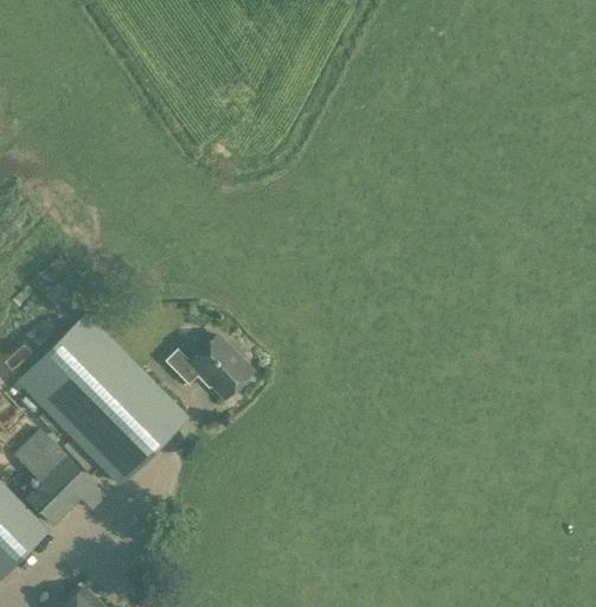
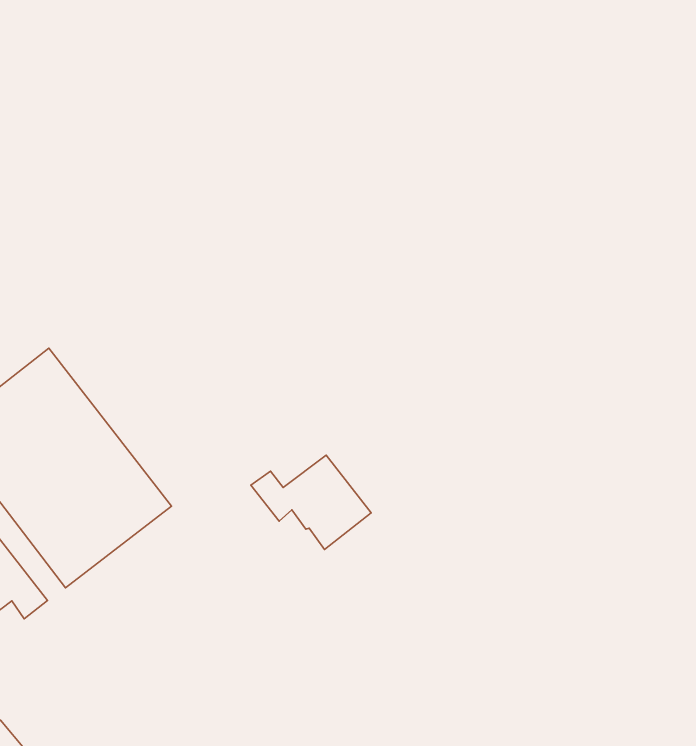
building: [165,333,255,402] -> [251,455,371,549]

